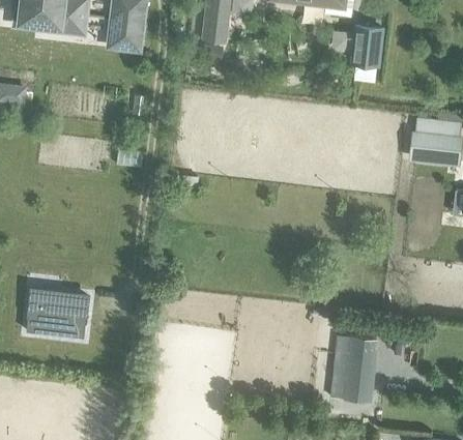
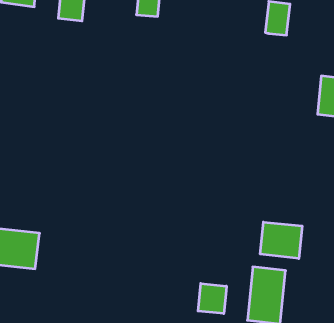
building: none -> [260,222,302,259]
building: none -> [198,283,226,314]

